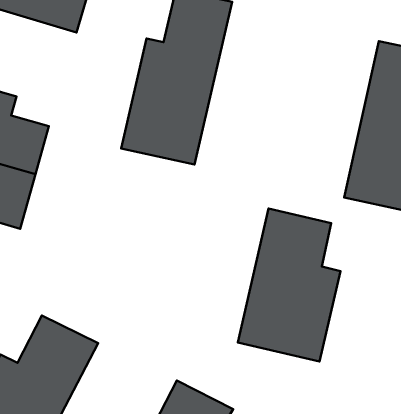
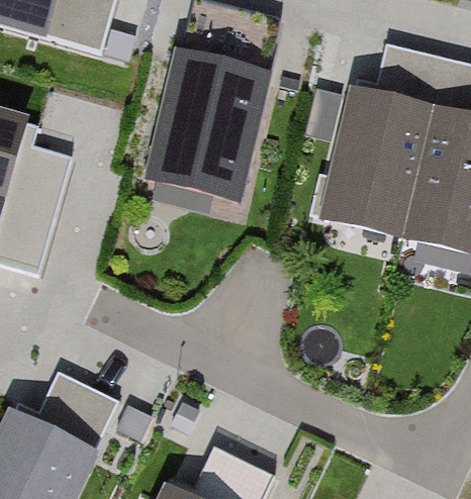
building: none -> [323,49,441,239]
building: [238,208,341,362] -> none

